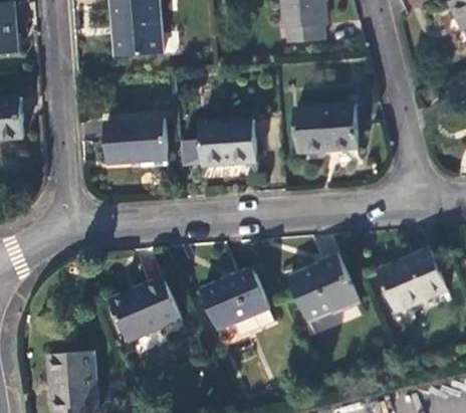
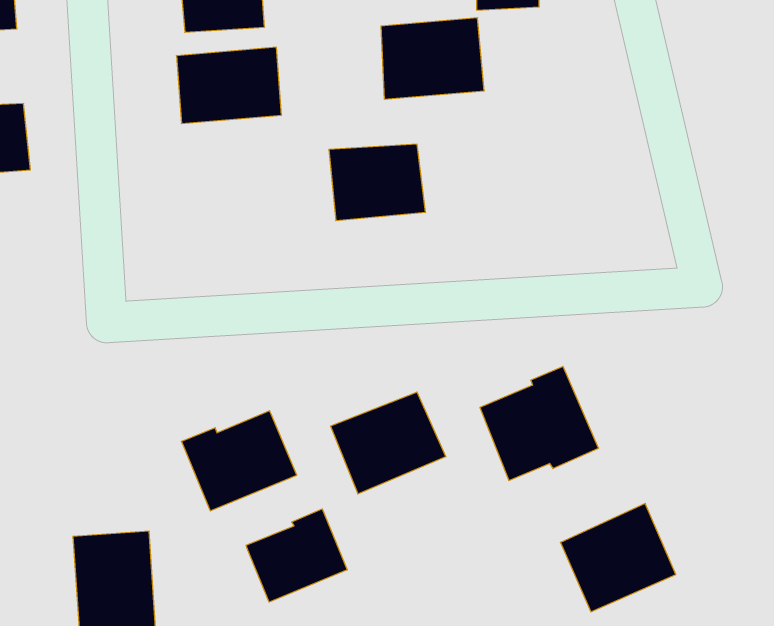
building: [294,104,356,152] -> [381,18,484,99]
building: [104,118,167,163] -> [176,47,282,124]
building: [378,248,446,313] -> [560,503,676,612]
building: none -> [246,509,347,602]

